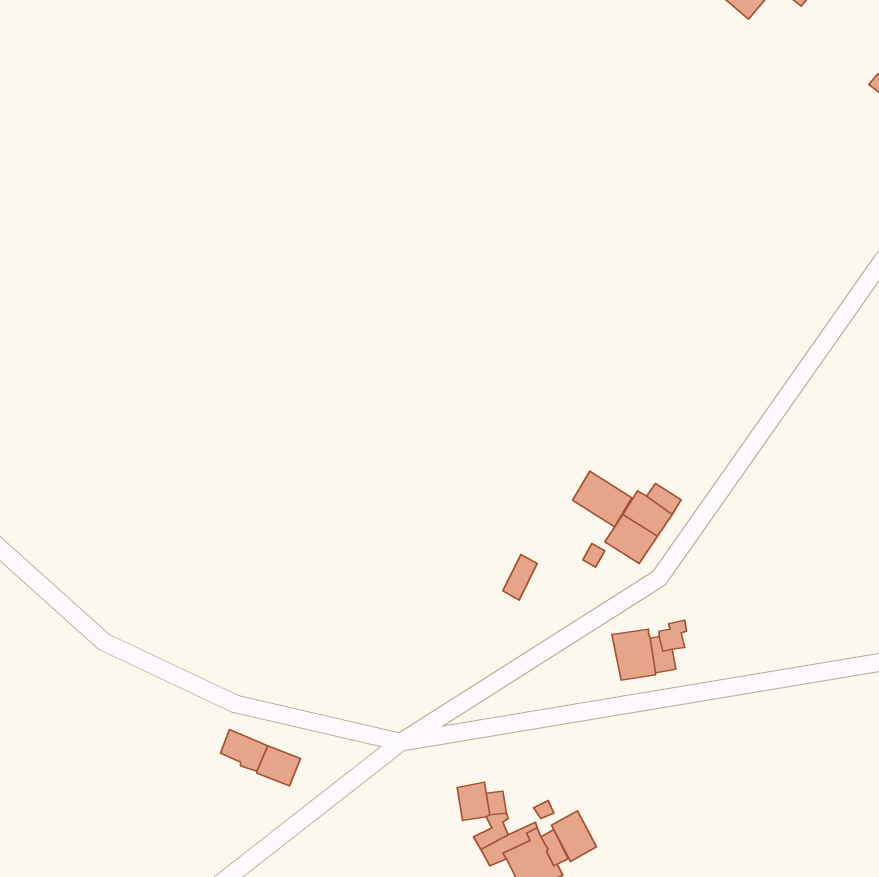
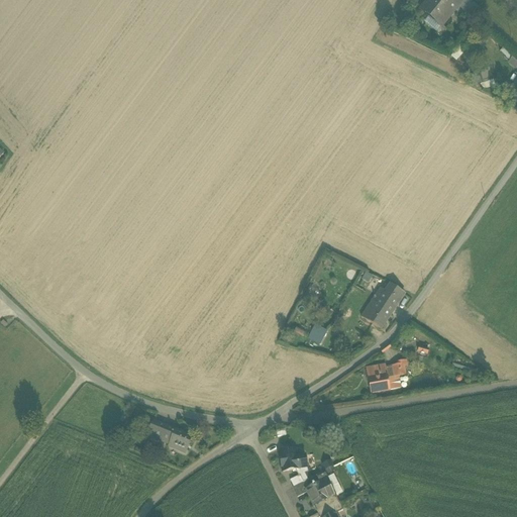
building: [573,471,632,527] -> none
building: [551,811,596,861] -> none

